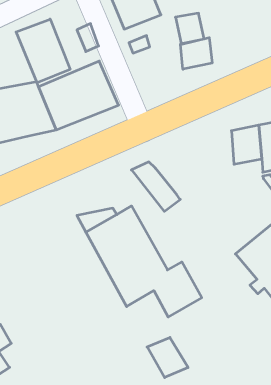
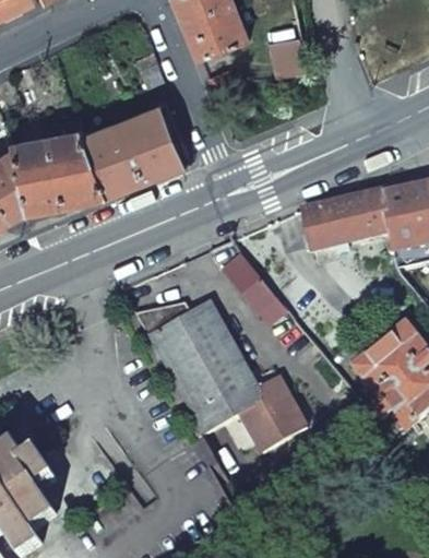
building: [16,19,70,83] -> none
building: [180,38,212,69] -> none
building: none -> [303,198,349,251]
building: [147,337,188,378] -> none

